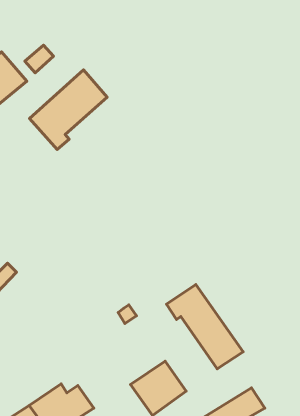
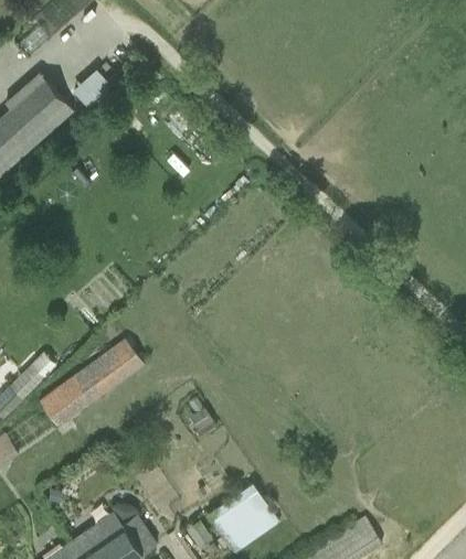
building: [30,70,107,150] -> none
building: none -> [41,338,145,426]
building: [167,285,243,369] -> none

